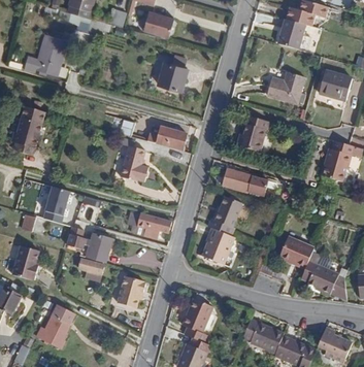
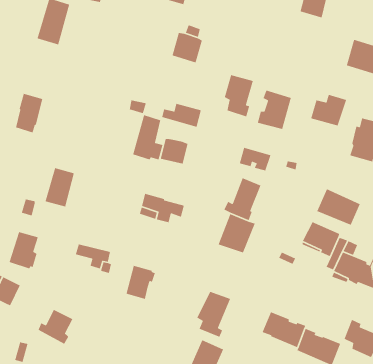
building: [269,72,303,102] -> [310,94,347,127]
building: none -> [224,74,254,118]
building: none -> [160,138,189,164]
building: none -> [316,188,361,226]
building: [69,227,115,263] -> none

